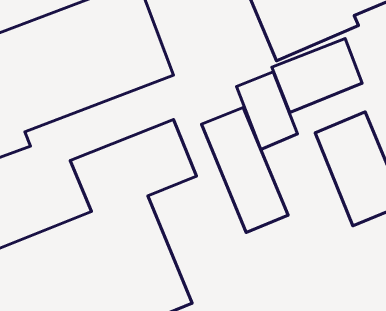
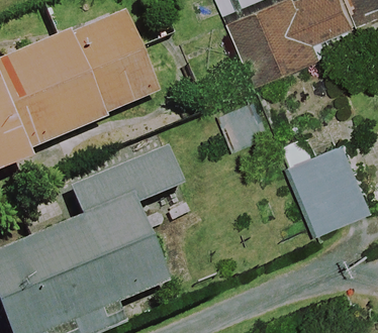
building: [272,39,362,112] -> none
building: [202,108,288,232] -> none

